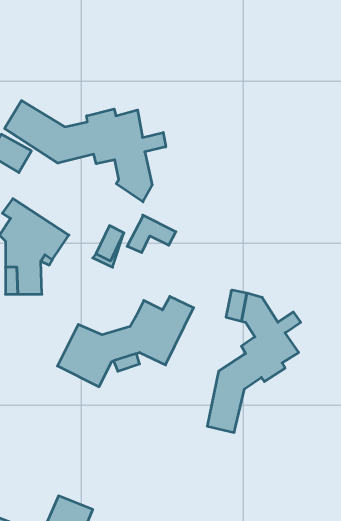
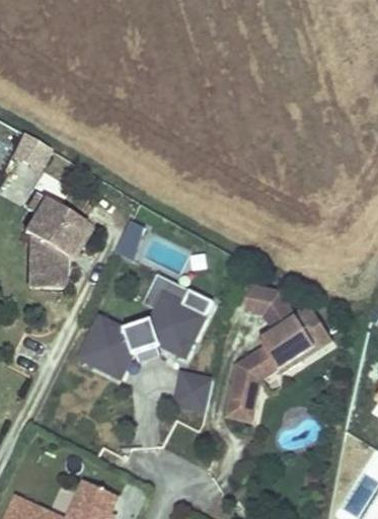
building: [5,101,166,202] -> none
building: [127,215,176,253] -> [141,275,188,311]
building: none -> [174,374,212,413]

